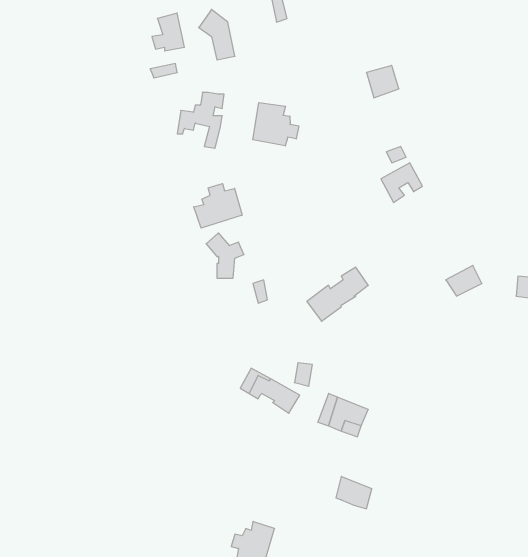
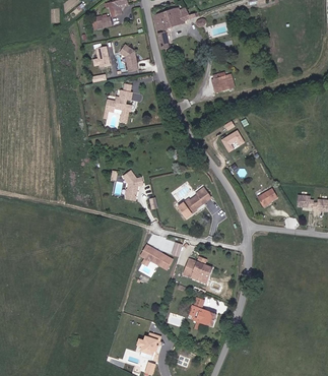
building: [253,103,299,146] -> none
building: [194,184,242,228] -> none

